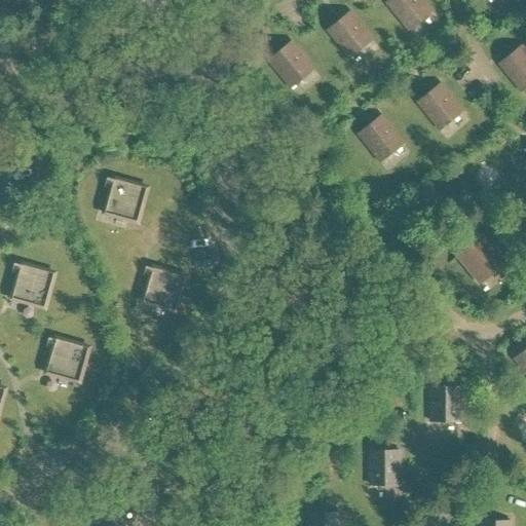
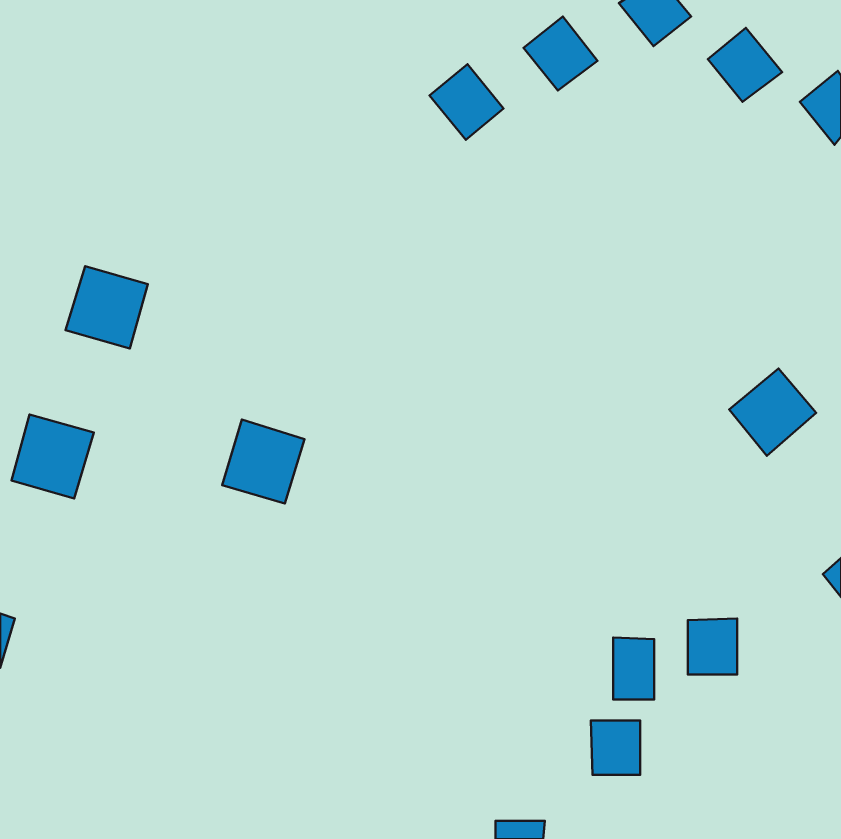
building: [417,82,463,128] -> [708,28,782,102]
building: [358,114,404,160] -> none
building: [100,174,151,225] -> [66,266,148,348]
building: [41,333,92,385] -> none
building: none -> [613,637,654,700]

